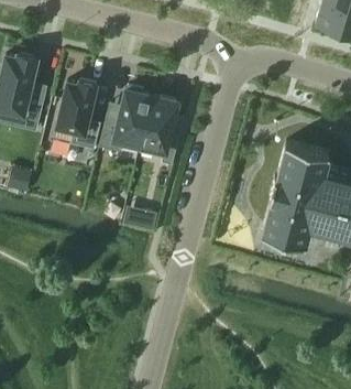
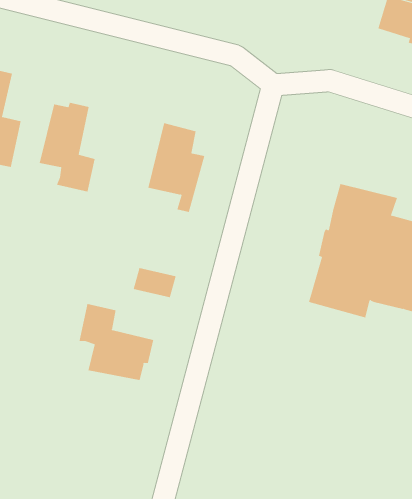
building: [98,86,151,151] -> none
building: none -> [79,303,154,381]

